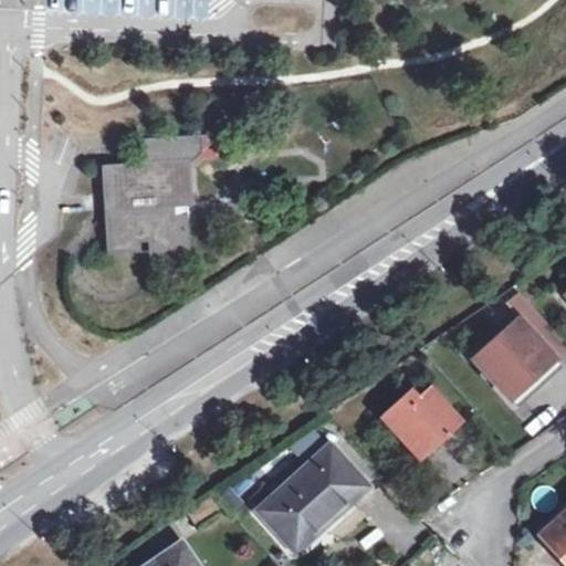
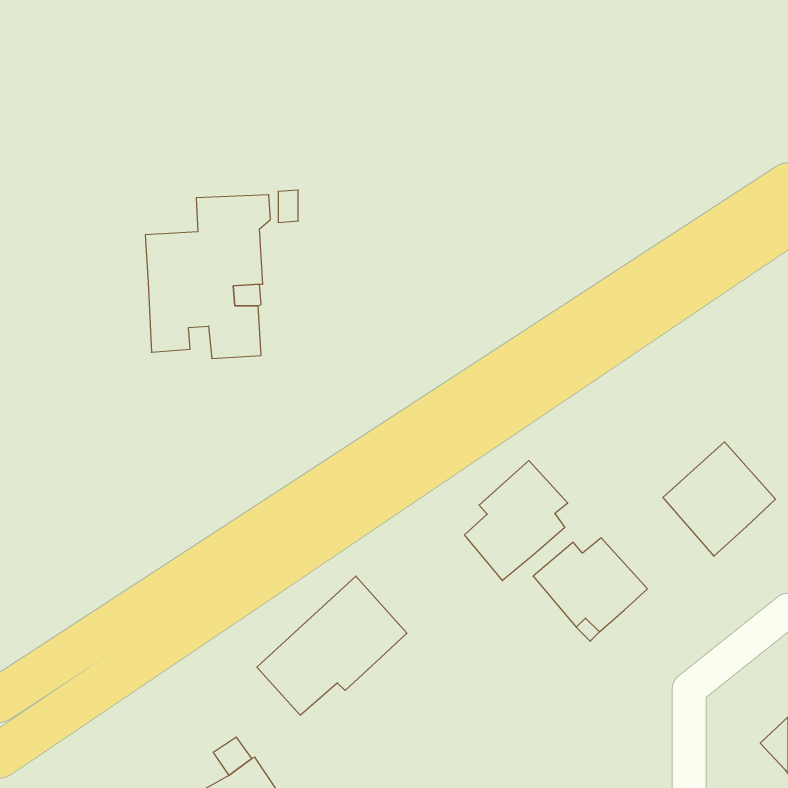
building: none -> [465,461,568,581]
building: [260,446,367,545] -> [257,576,407,715]

